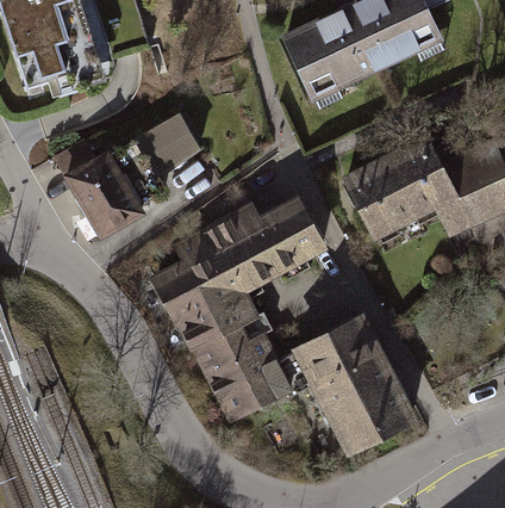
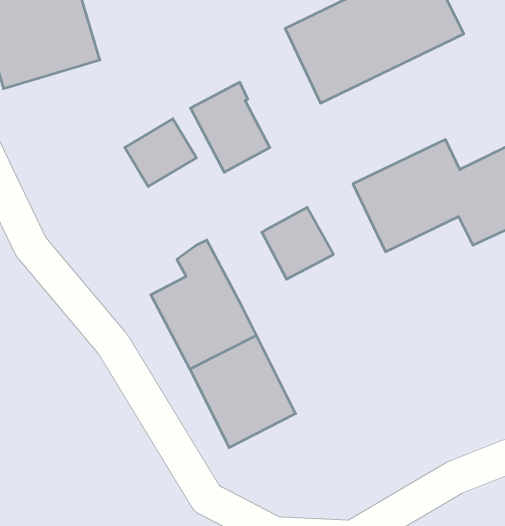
building: [60,151,141,238] -> none
building: [210,205,282,287] -> [190,82,270,172]
building: [287,316,413,447] -> none

